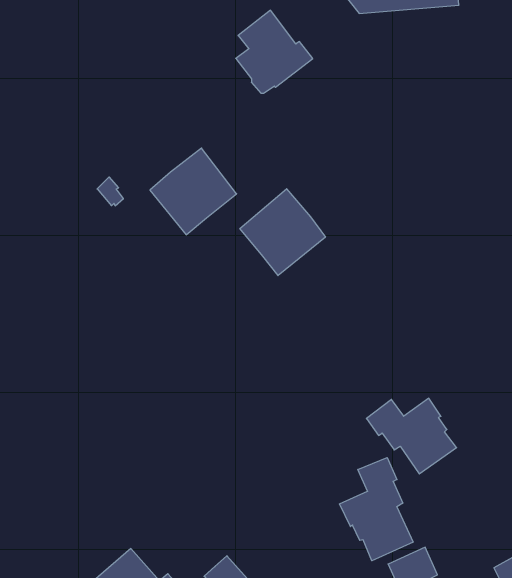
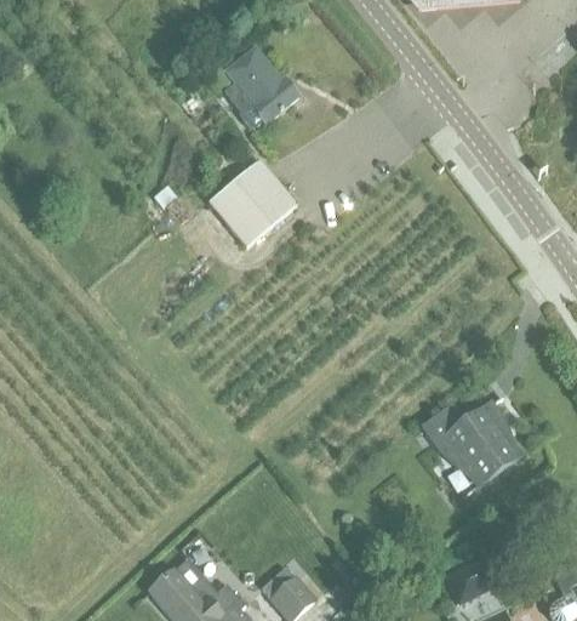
building: [236,10,313,93] -> [223,49,301,132]
building: [240,189,325,276] -> none
building: [340,458,413,561] -> none

